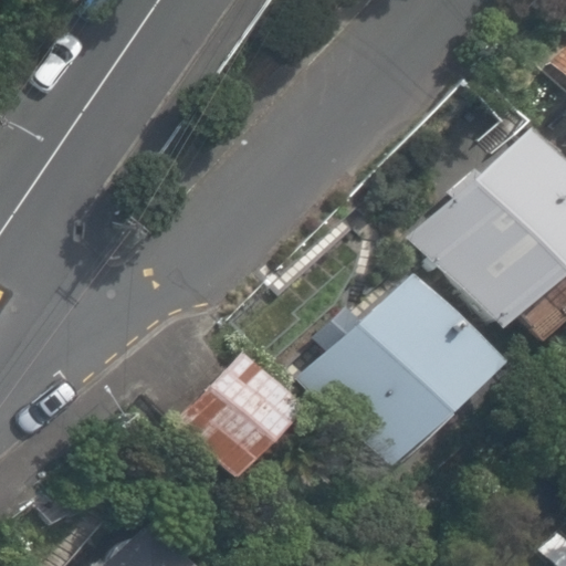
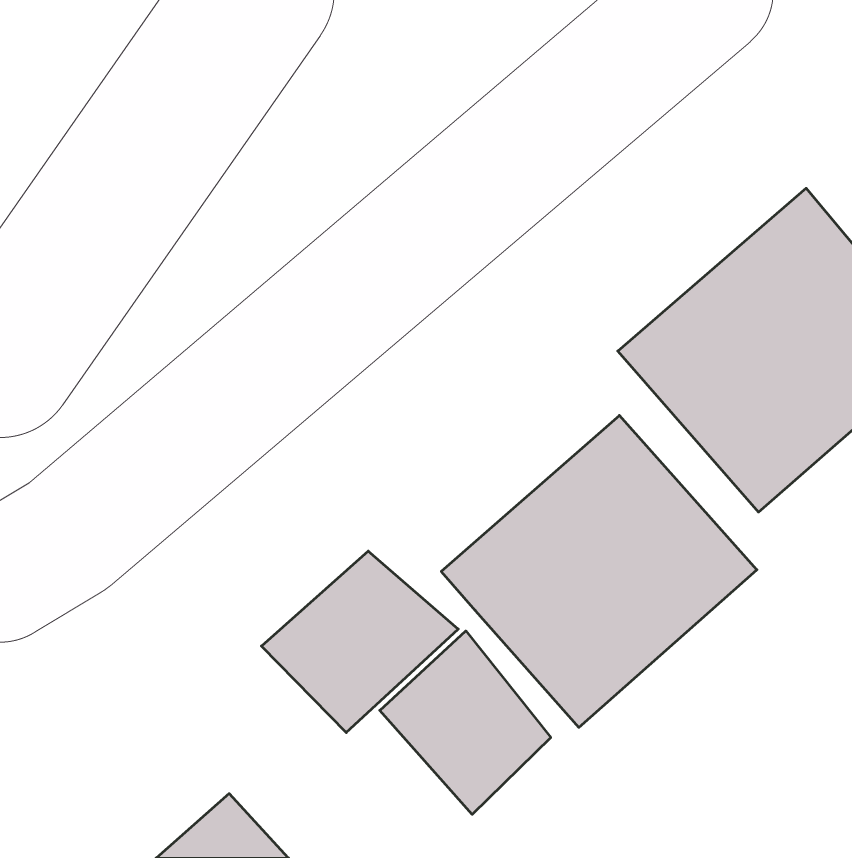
building: none -> [380,631,551,814]

